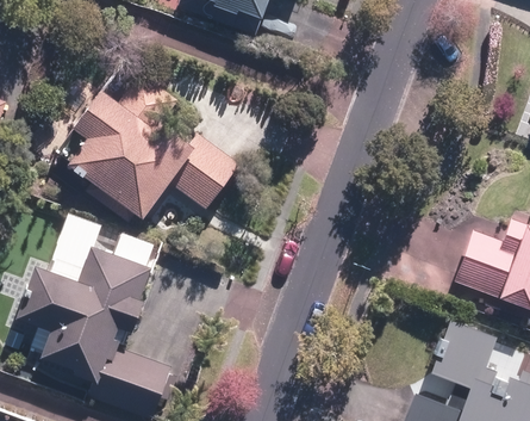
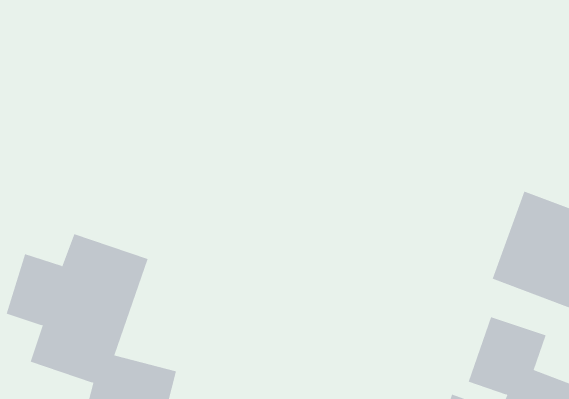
building: [70,68,239,218] -> none

